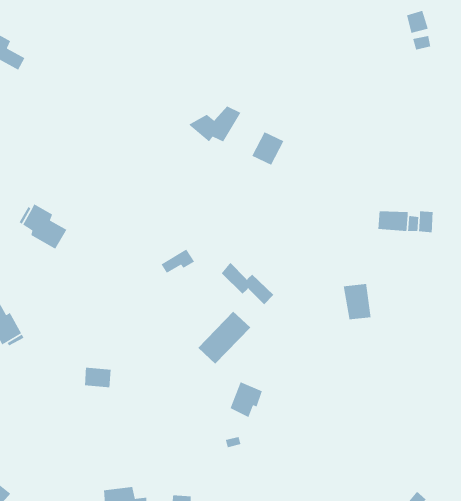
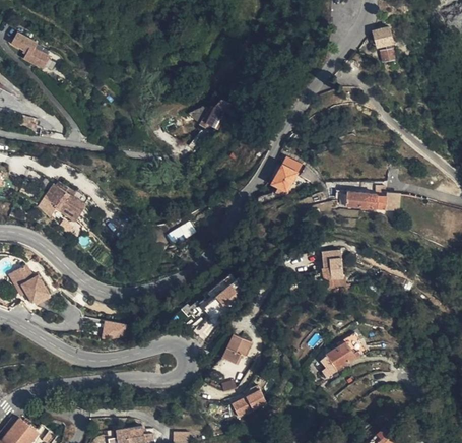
building: [251,131,284,166] -> [269,159,298,188]
building: [221,262,274,305] -> none
building: none -> [318,332,362,370]
building: none -> [229,391,265,421]

